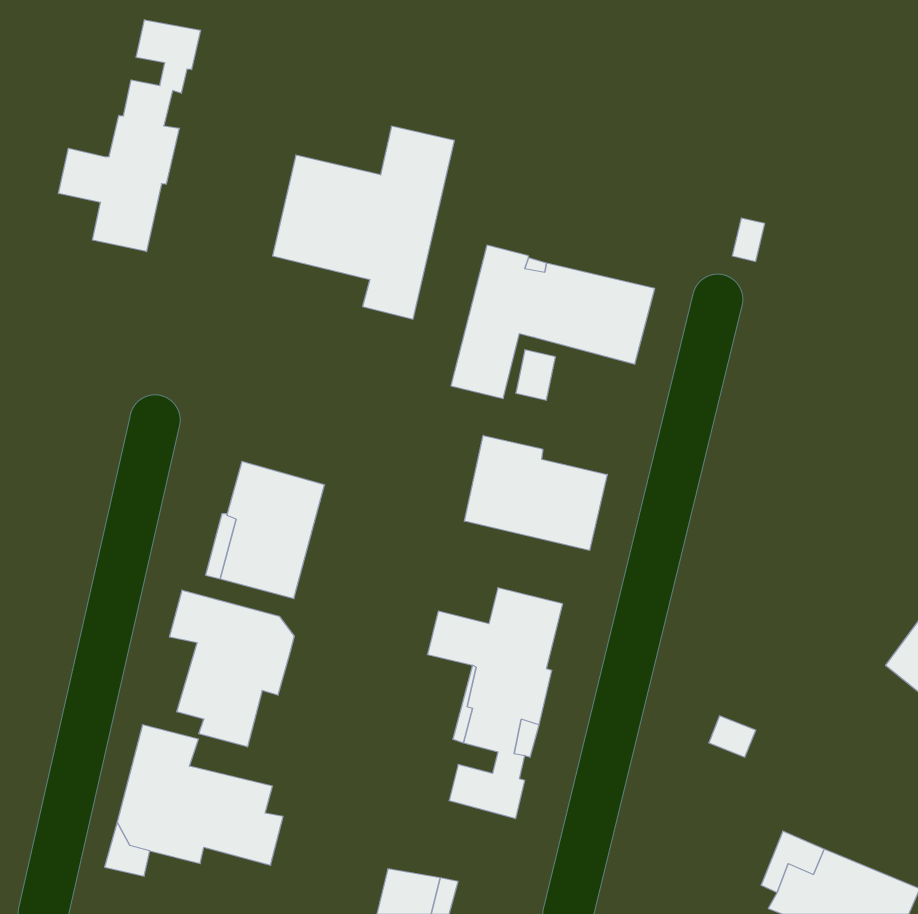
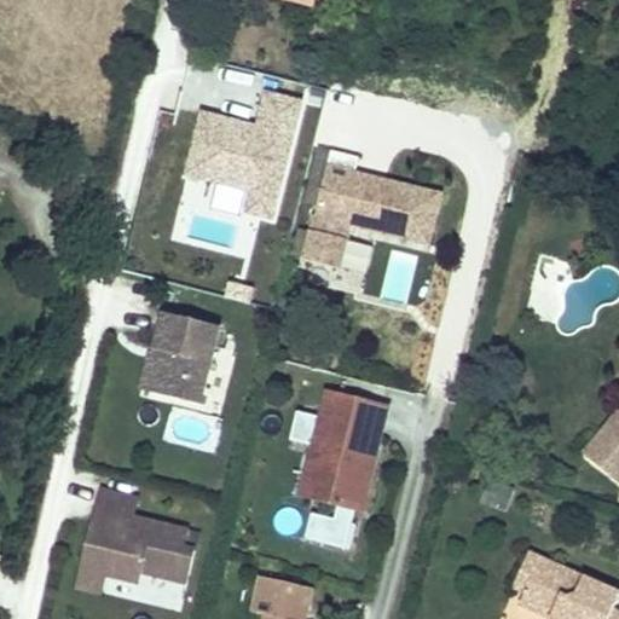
building: [59,20,201,252] -> none
building: [464,435,607,550] -> none
building: [169,590,294,747] -> none

